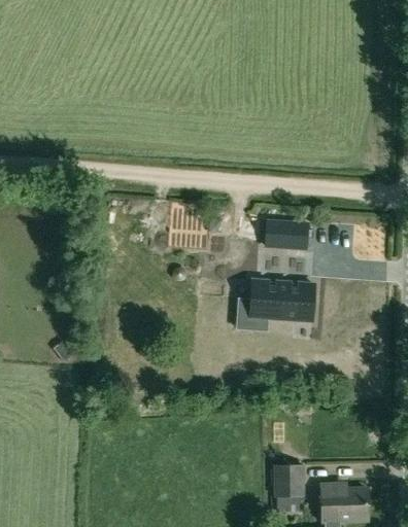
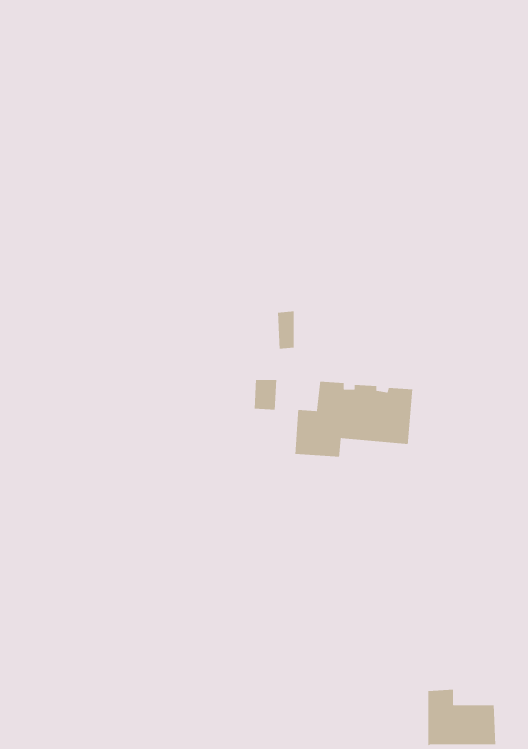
building: [275,221,317,249] -> none
building: [274,465,305,512] -> none

